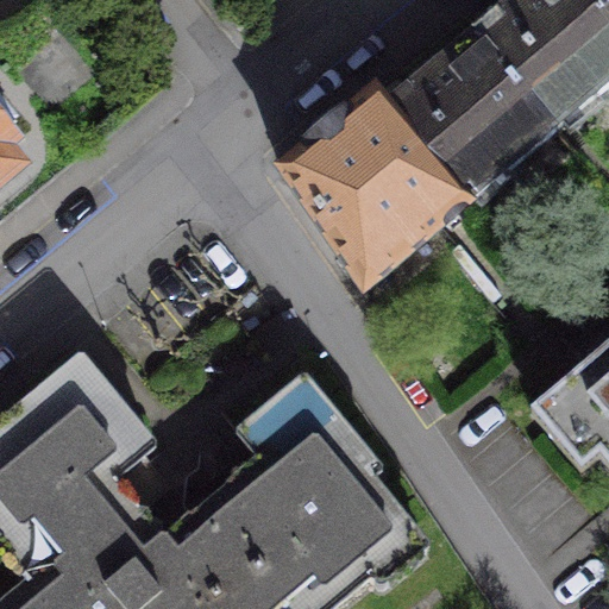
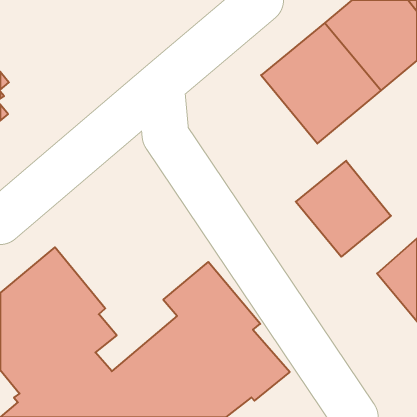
building: [283,99,463,291] -> none
building: none -> [296,161,391,257]

